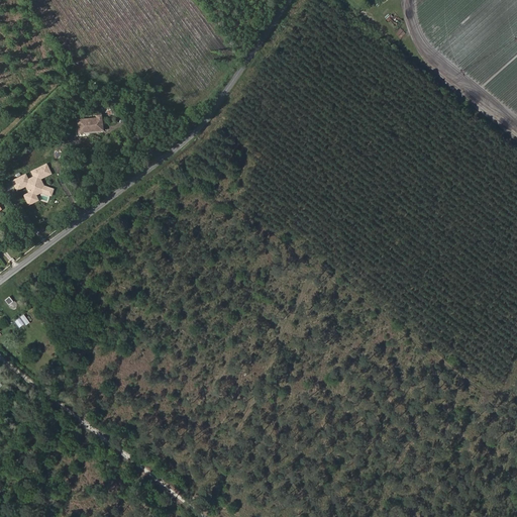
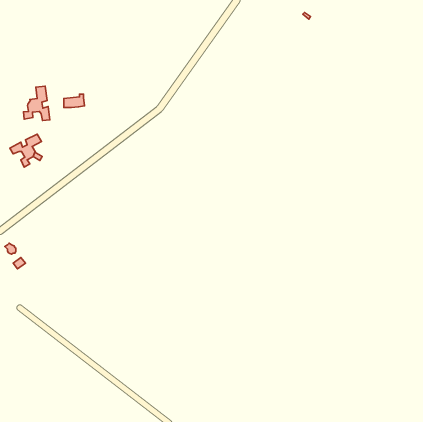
building: none -> [23,86,50,121]

